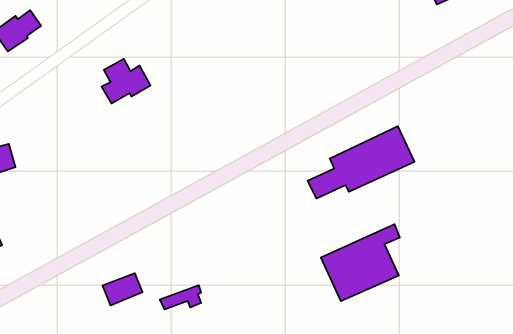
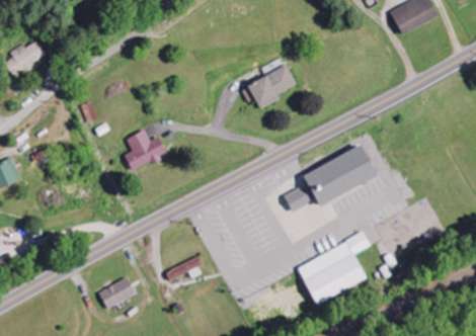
building: none -> [239,65,298,107]
building: [102,59,151,103] -> [123,130,167,170]
building: [160,285,201,310] -> [163,258,201,280]

